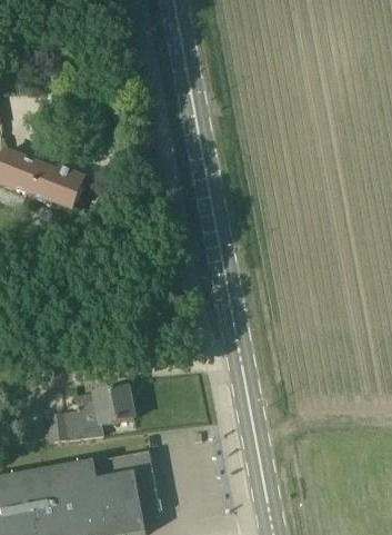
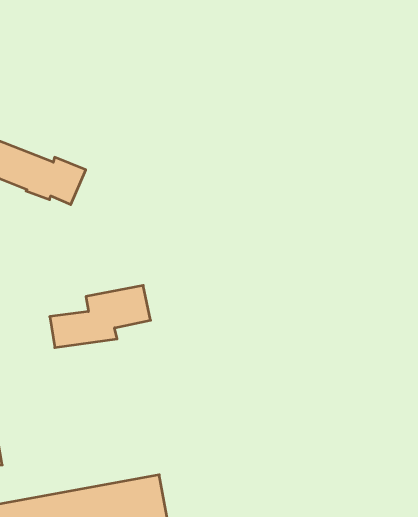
building: [44,384,134,439] -> [50,285,151,348]

